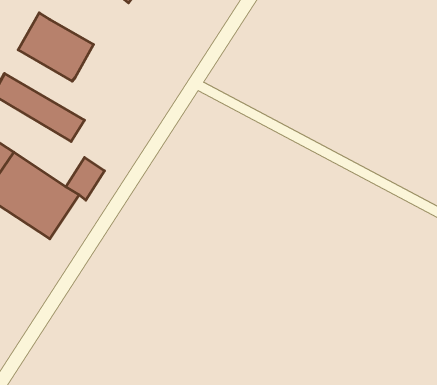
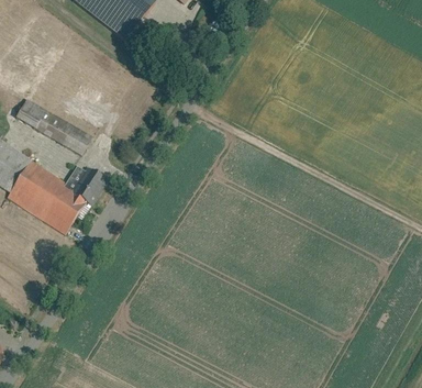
building: [18,13,93,81] -> none

